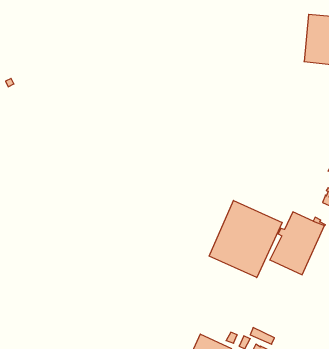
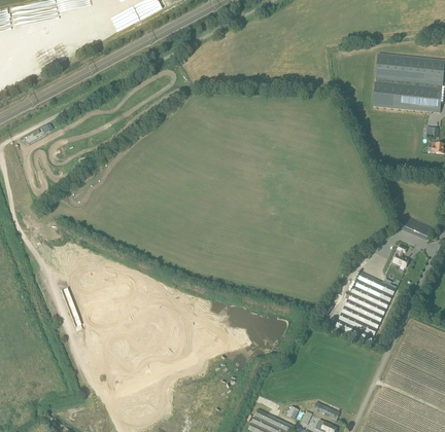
building: [209,200,282,278] -> none

